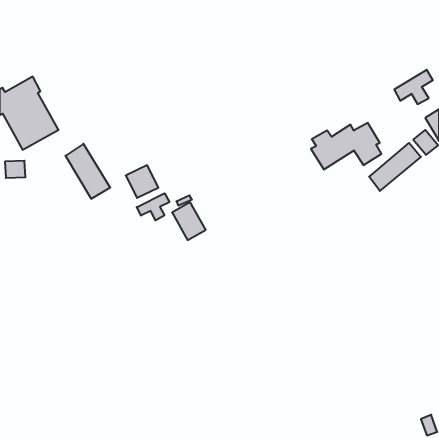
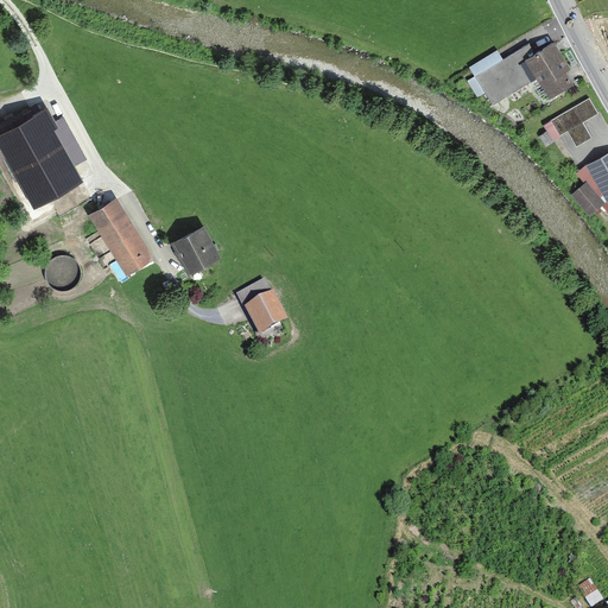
building: [311,123,381,169] -> [475,40,572,104]
building: [369,143,421,191] -> none
building: [5,161,26,178] -> [48,253,76,277]
building: [137,193,169,220] -> none

